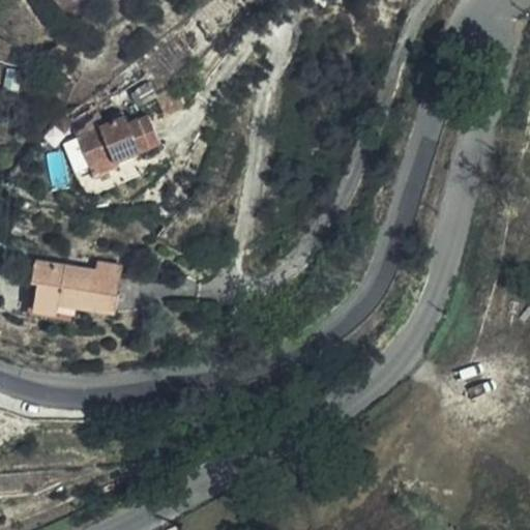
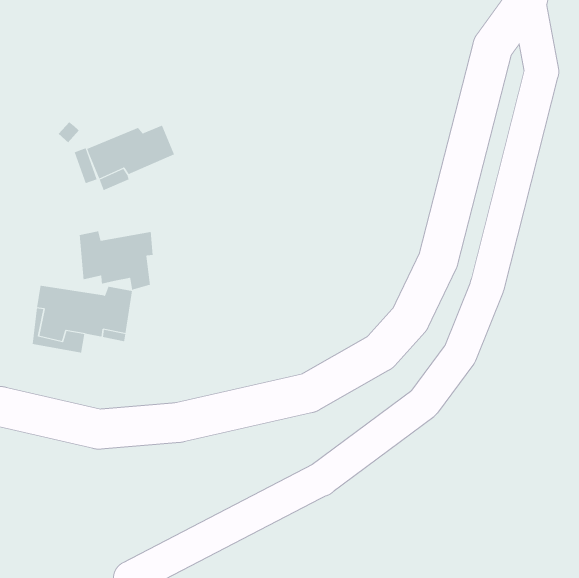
building: none -> [79,230,153,291]

